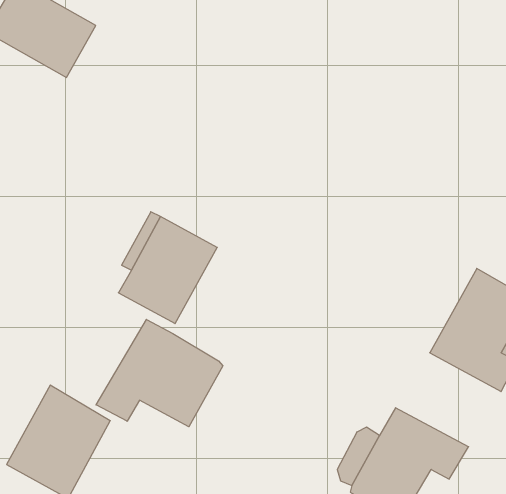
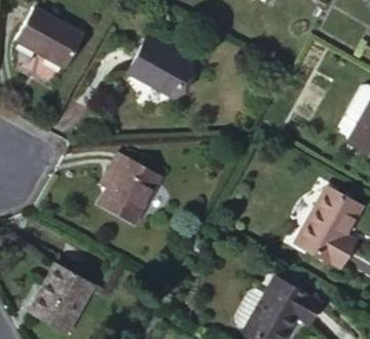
building: none -> [130,35,192,98]
building: [96,319,223,427] -> none

